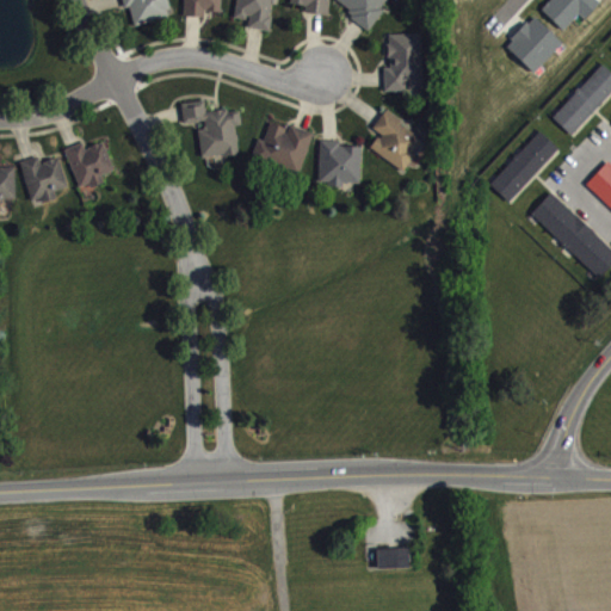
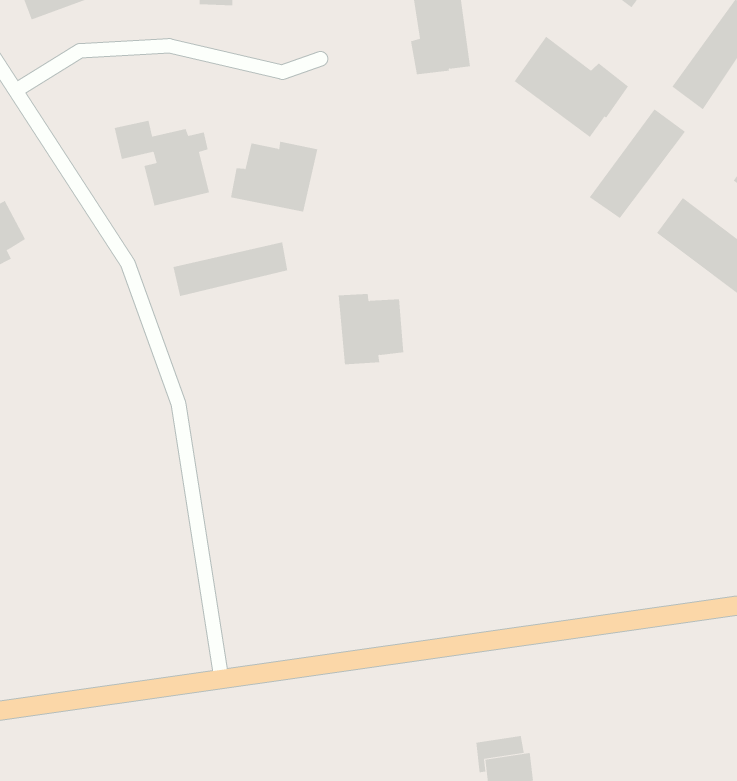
building: none -> [514,36,629,138]
building: [370,112,424,169] -> none
building: [319,140,360,187] -> [338,293,404,365]
building: none -> [173,241,288,297]

